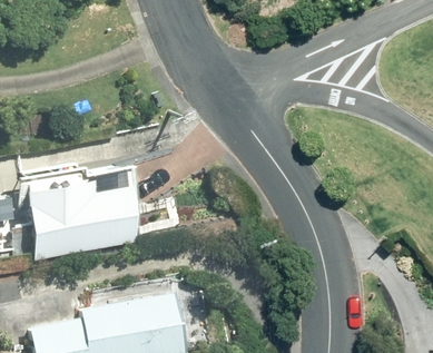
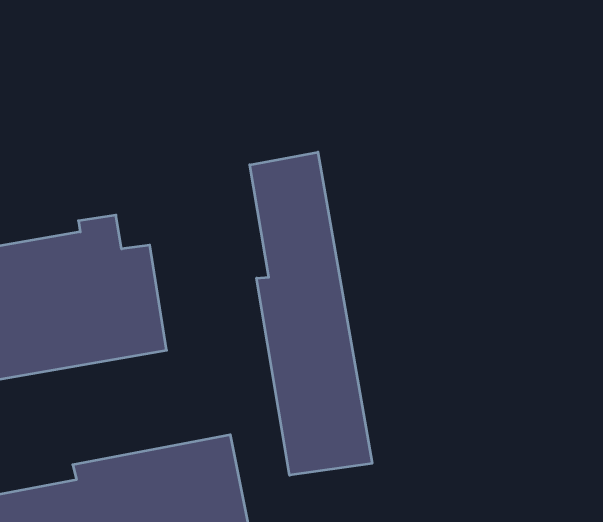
building: none -> [250,152,372,475]

